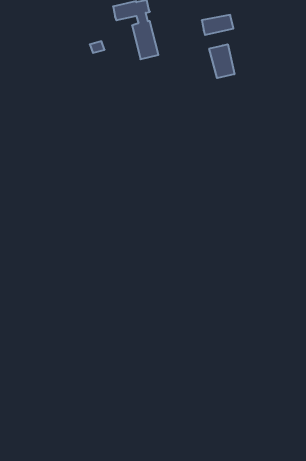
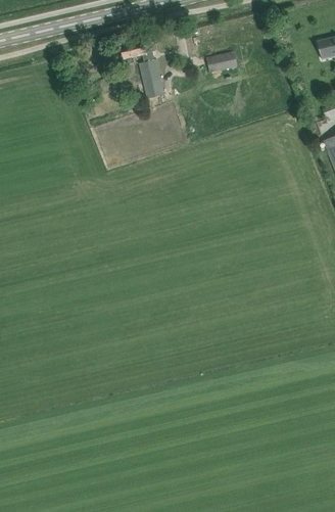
building: [209,44,234,78] -> none

